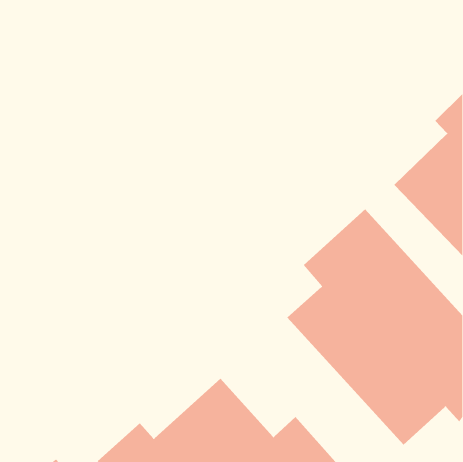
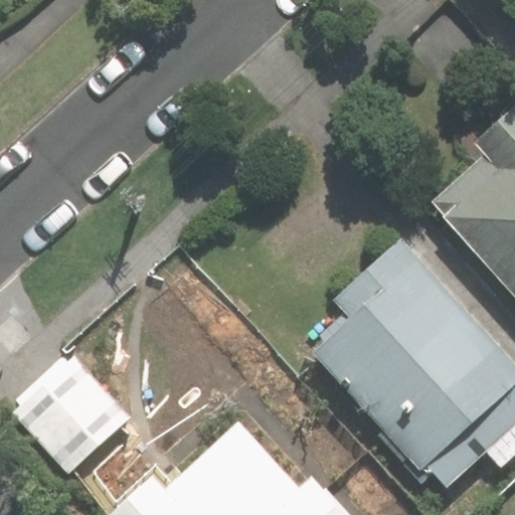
building: none -> [11,359,134,481]

